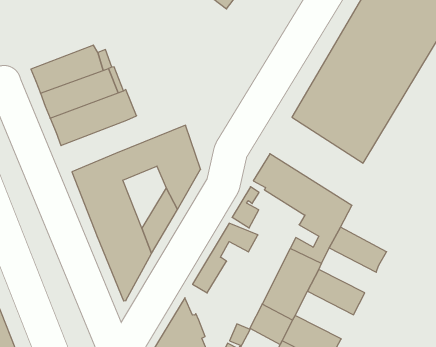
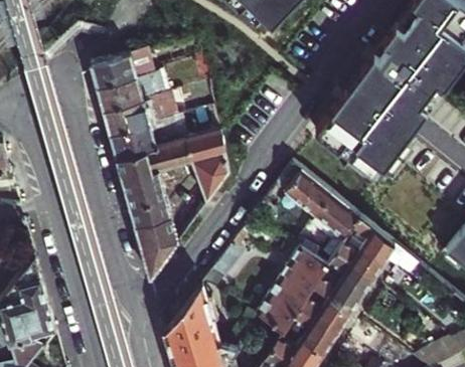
building: none -> [110,120,175,160]
building: none -> [348,216,397,260]
building: none -> [325,251,375,295]
building: none -> [300,288,351,333]

